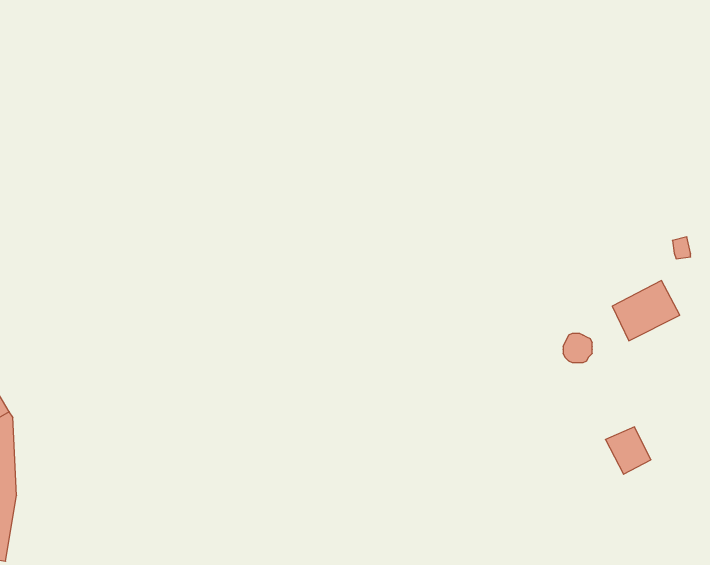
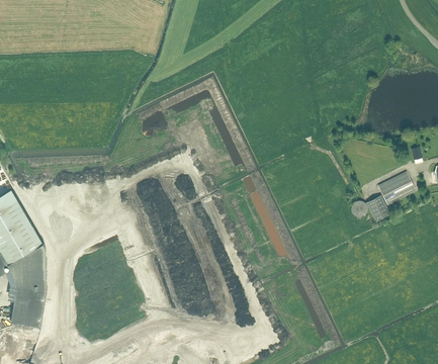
building: [605,427,651,474] -> [365,196,390,222]

